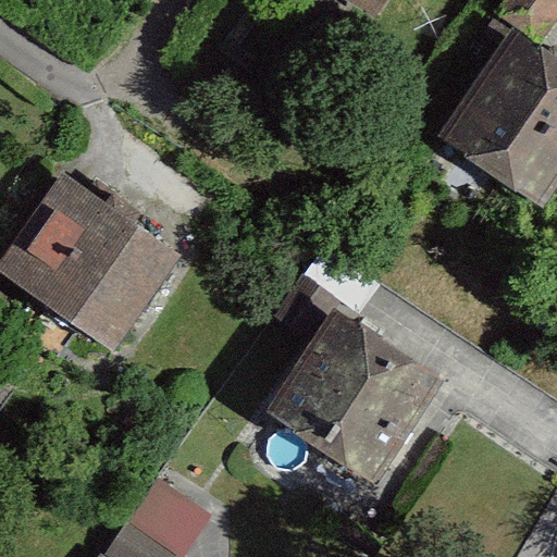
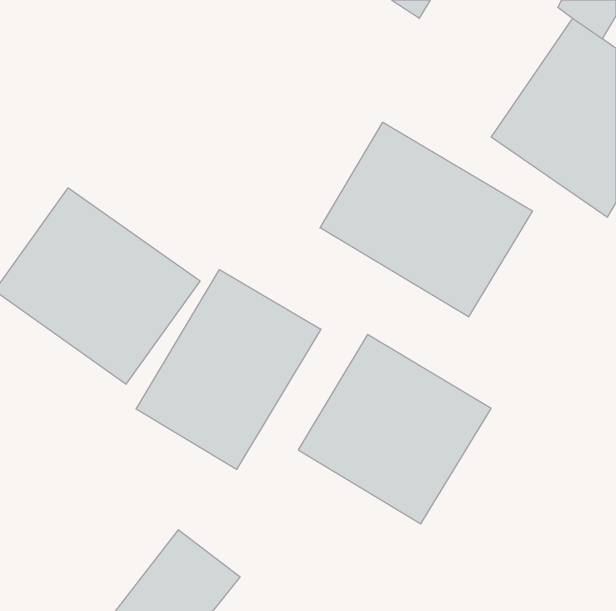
building: none -> [320,122,533,317]
building: none -> [136,270,321,469]

